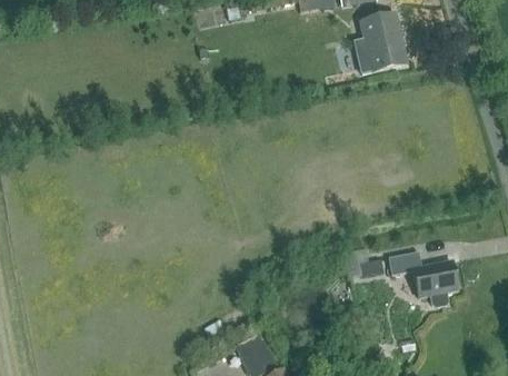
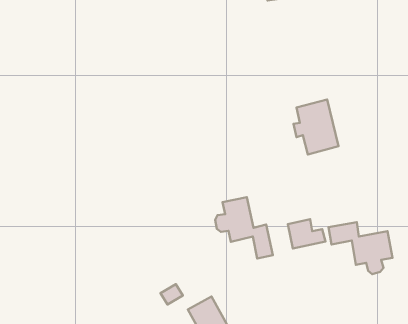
building: [357,13,406,73] -> [294,99,338,154]
building: none -> [215,197,273,259]

